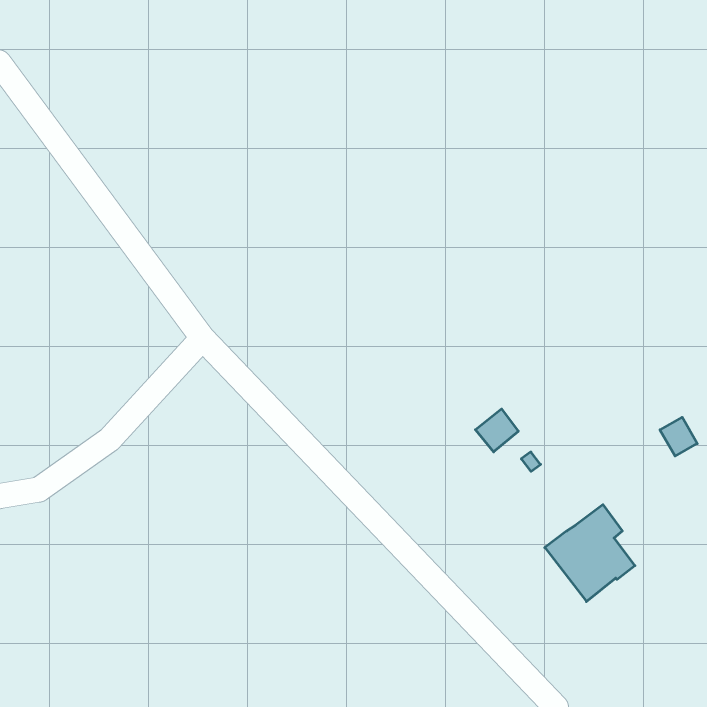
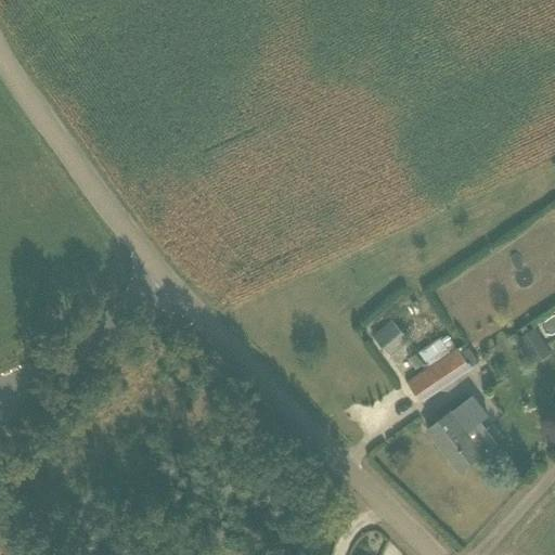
building: none -> [406,345,476,400]

